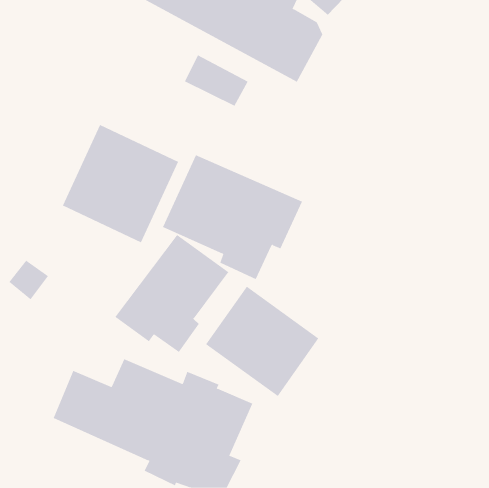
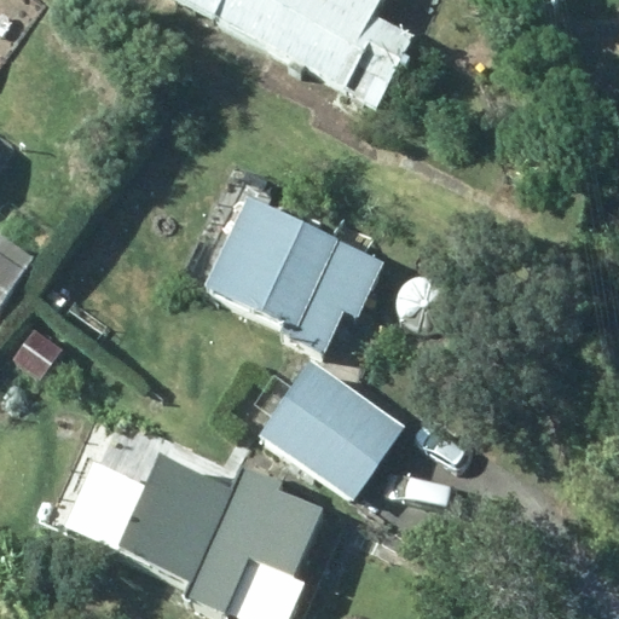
building: [62,124,179,243] -> none
building: [115,234,229,353] -> none

